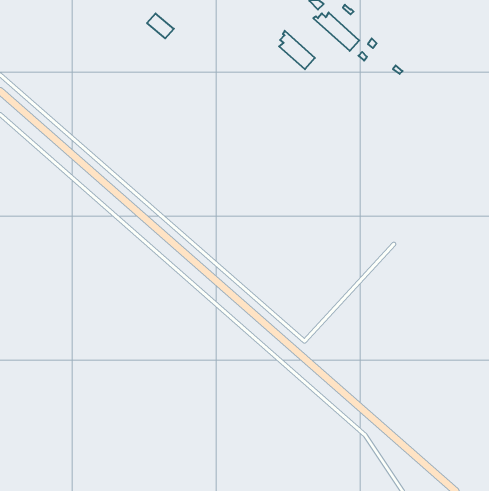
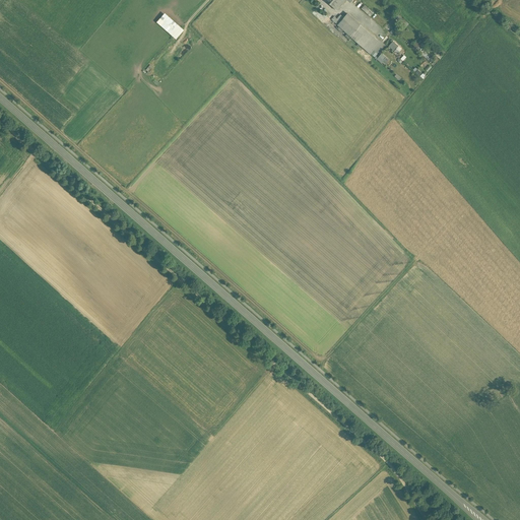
building: [279,31,315,69] -> none

